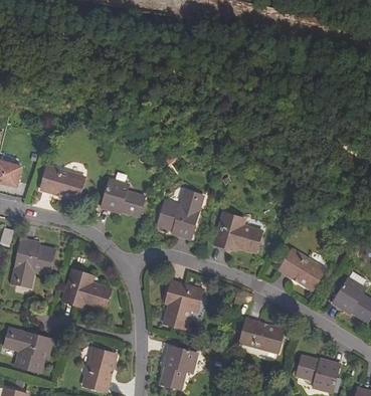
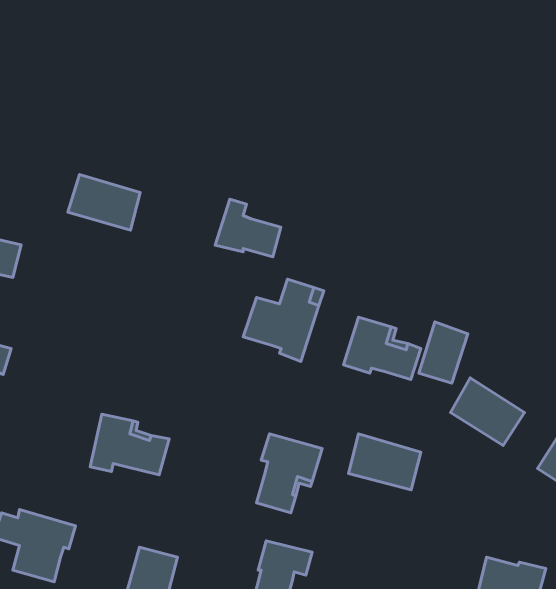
building: [39,165,83,199] -> [68,174,140,230]
building: [101,175,141,210] -> [215,199,281,257]
building: none -> [419,322,468,383]
building: [13,240,54,287] -> none
building: [240,320,285,354] -> [349,434,421,490]

